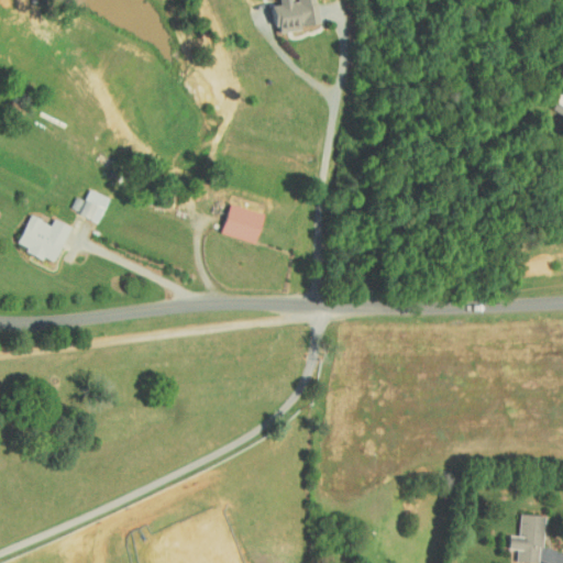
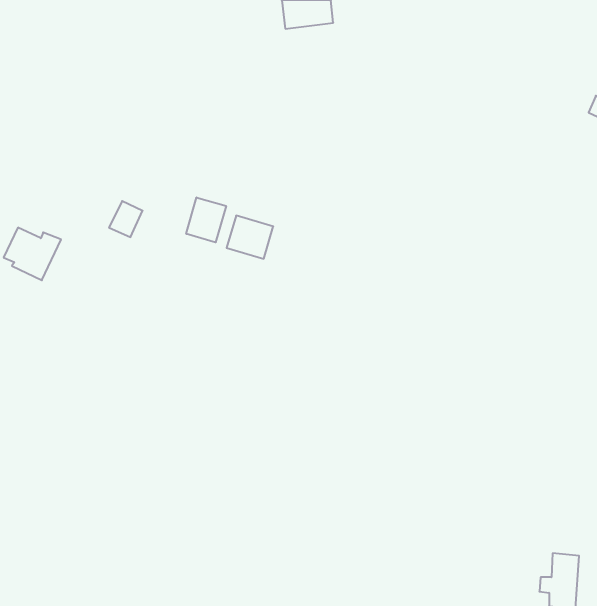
building: none -> [186,197,226,242]
building: [79,189,110,222] -> [109,201,143,237]

